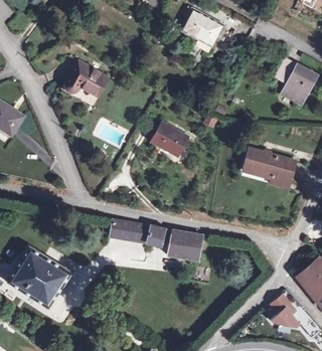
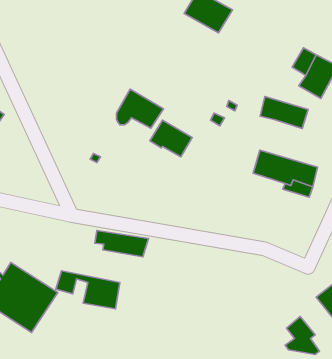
building: [66,61,108,96] -> [117,89,164,128]
building: none -> [260,97,308,128]
building: [145,226,201,259] -> [56,271,120,309]

